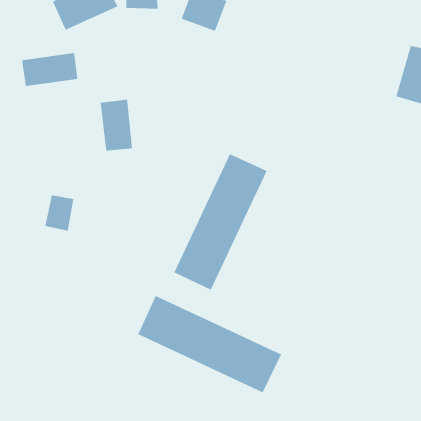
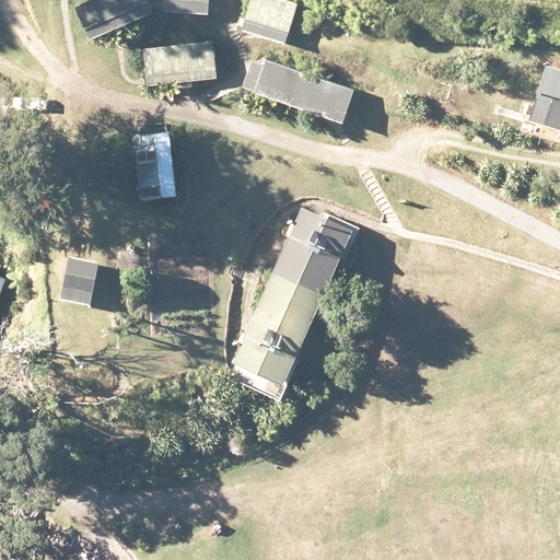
building: none -> [241,60,353,126]
building: [21,53,78,87] -> [150,37,225,82]
building: [137,295,282,393] -> none

